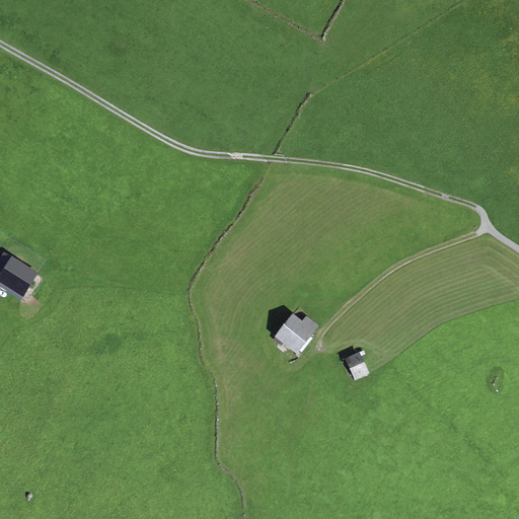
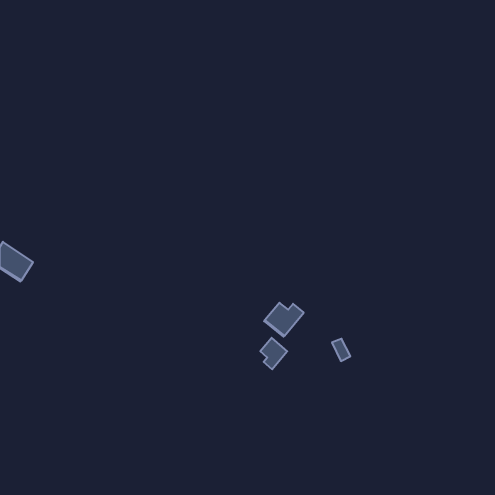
building: none -> [260,338,287,369]

